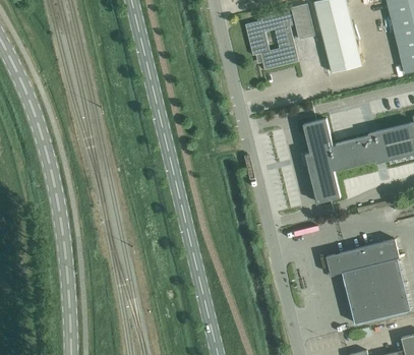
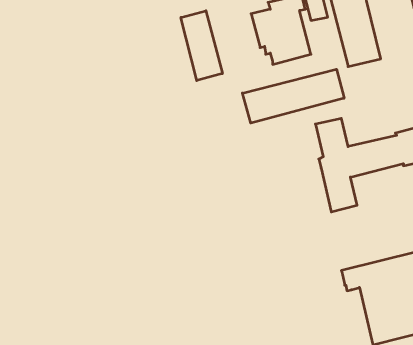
building: none -> [181,11,222,81]
building: none -> [242,69,344,123]

